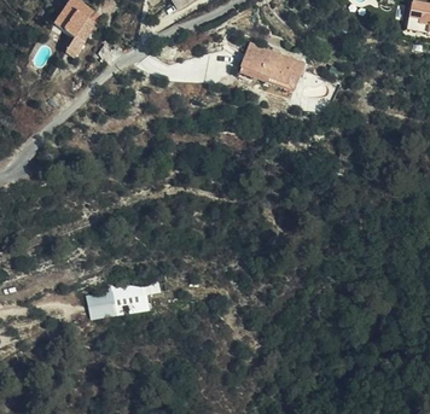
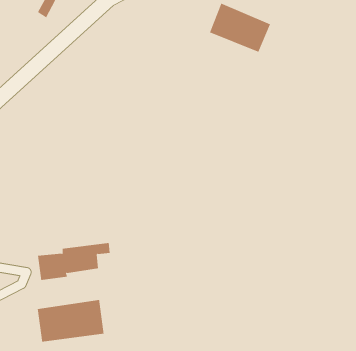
building: none -> [37,299,104,342]

